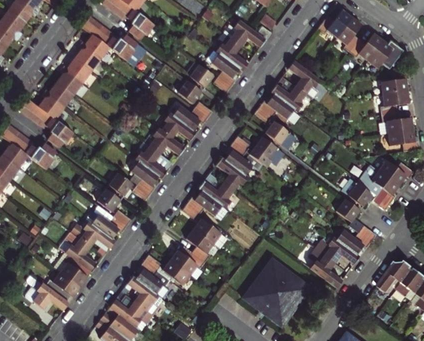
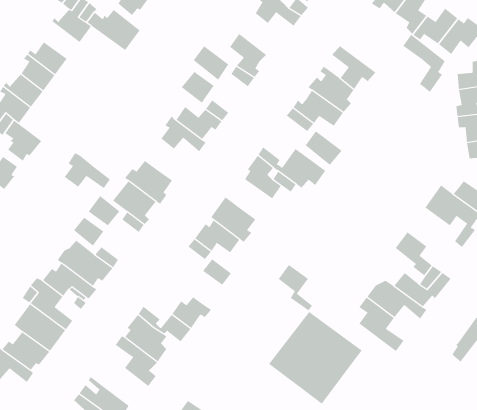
building: [216,37,249,70] -> none
building: [74,43,101,71] -> none
building: none -> [403,34,446,93]
building: [149,128,184,155] -> [64,153,111,189]
building: [216,158,246,190] -> none
building: [341,176,388,206] -> none
building: [184,228,210,263] -> [278,264,313,311]
building: [109,291,152,326] -> none

